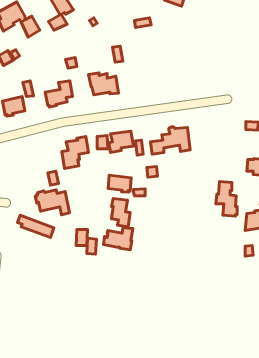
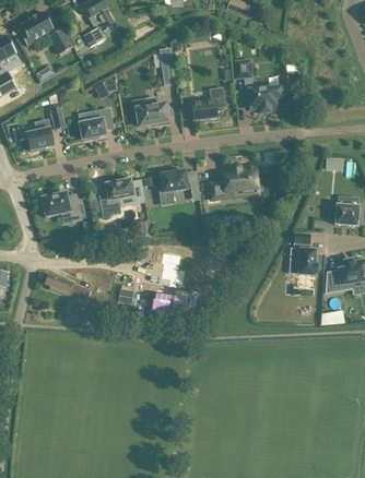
building: none -> [235,59,282,112]
building: none -> [191,88,225,122]
building: [108,175,131,192] -> none
building: [35,190,70,215] -> [39,191,82,222]

